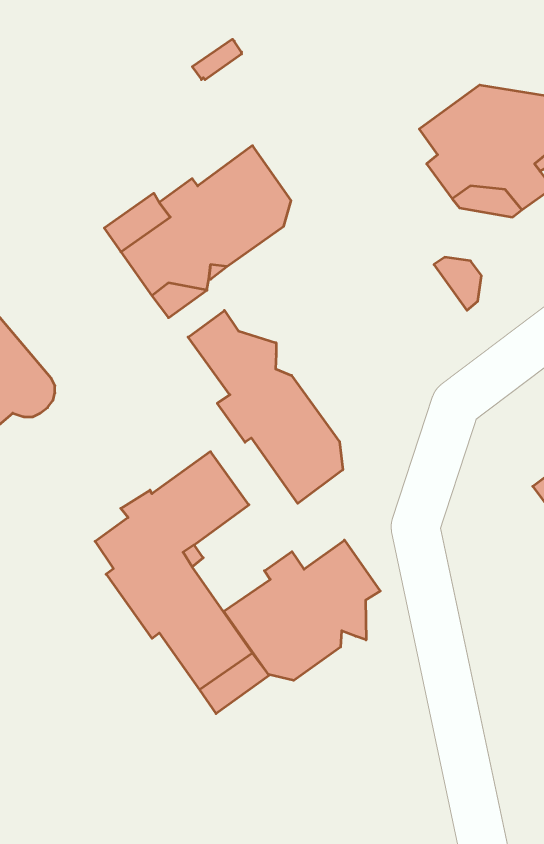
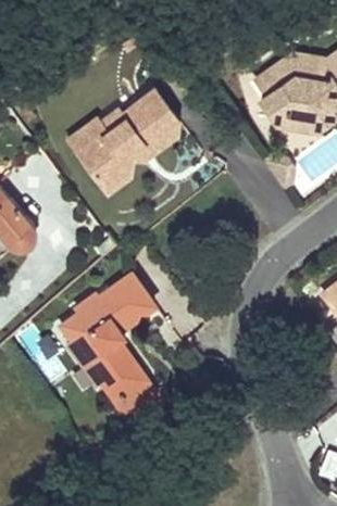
building: [188,310,343,503] -> none
building: [224,540,380,680] -> none

